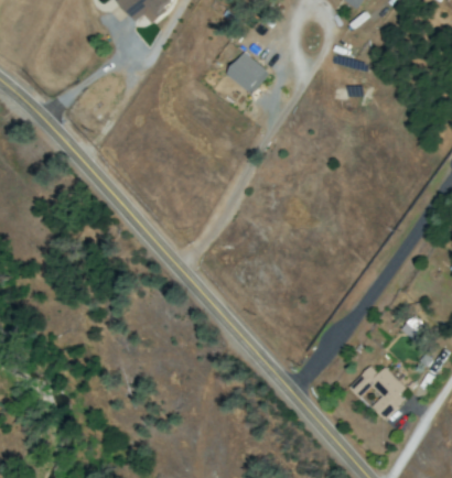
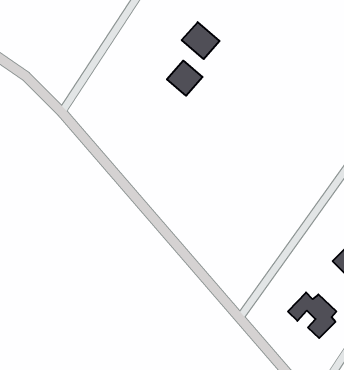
building: none -> [167,61,203,96]

